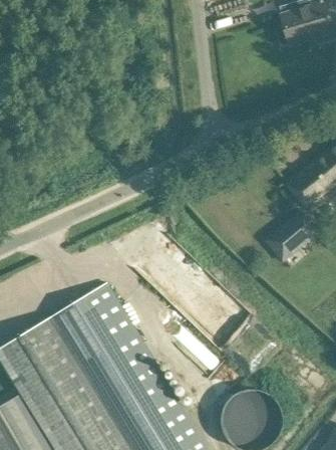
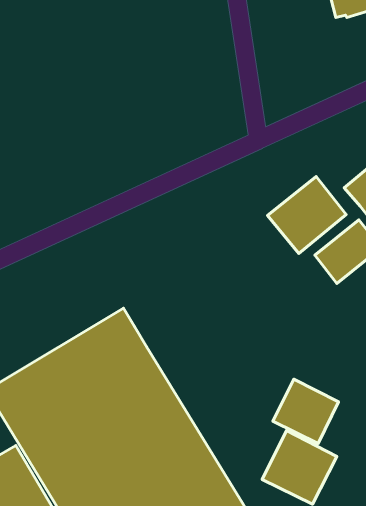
building: none -> [268,176,346,253]
building: none -> [273,379,338,443]

